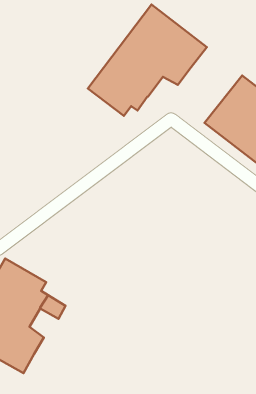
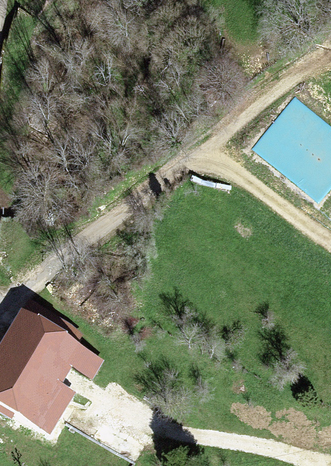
building: [88,4,207,116] -> none

